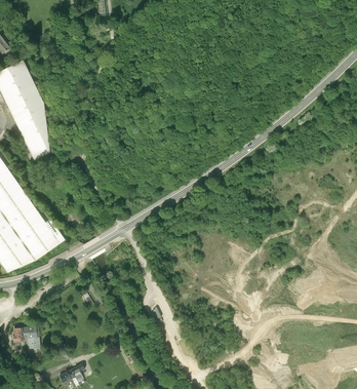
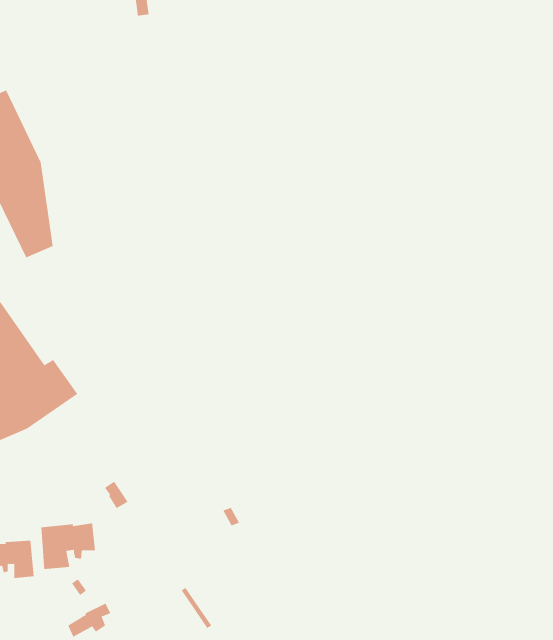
building: none -> [41,523,95,570]

